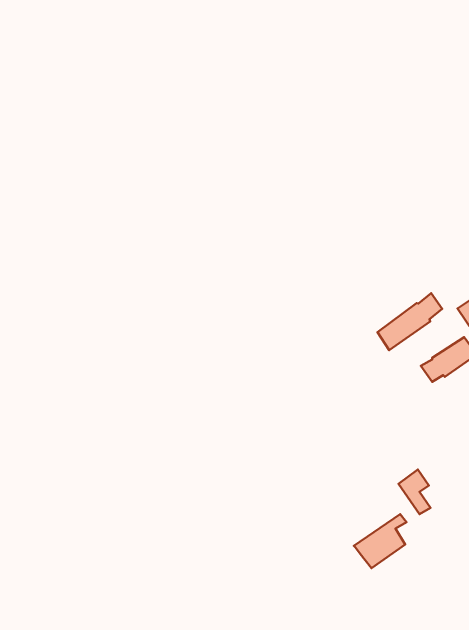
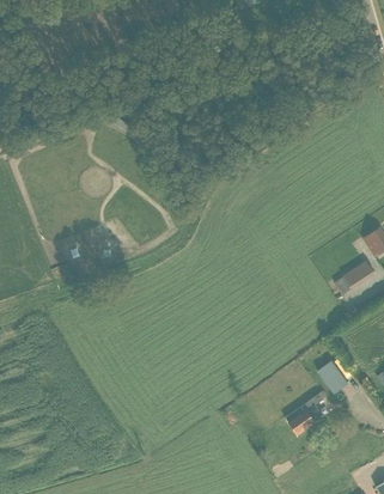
building: [377,293,442,350] -> none

